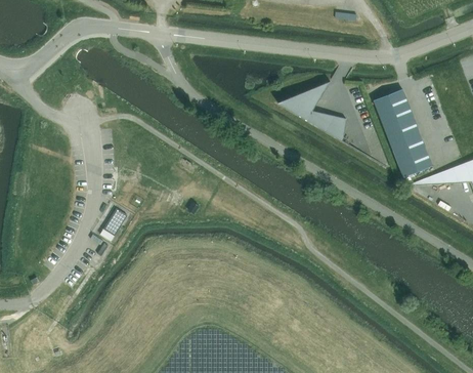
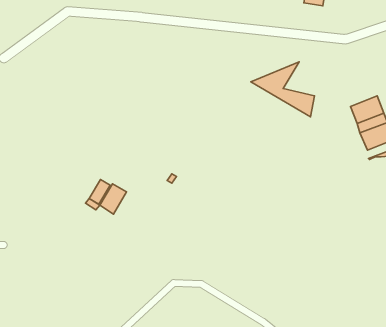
building: [374,90,414,130] -> none
building: none -> [100,184,126,214]

